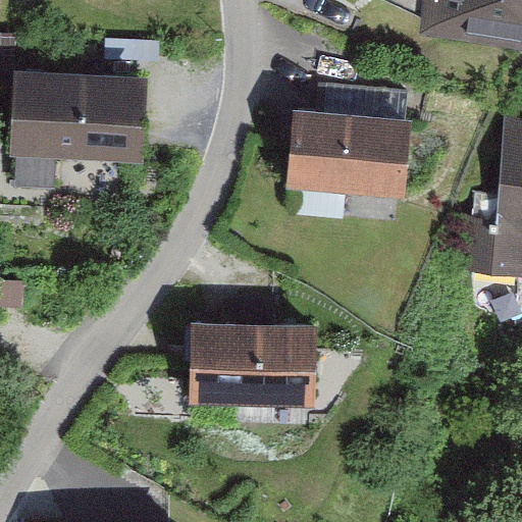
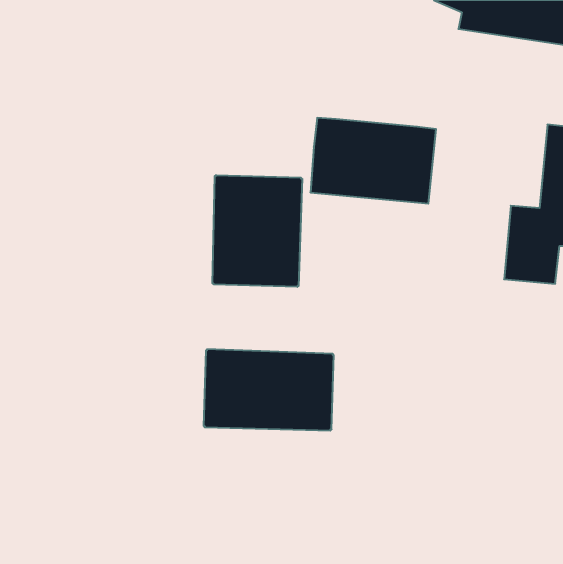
building: [13,73,140,152] -> none
building: none -> [212,175,302,287]

